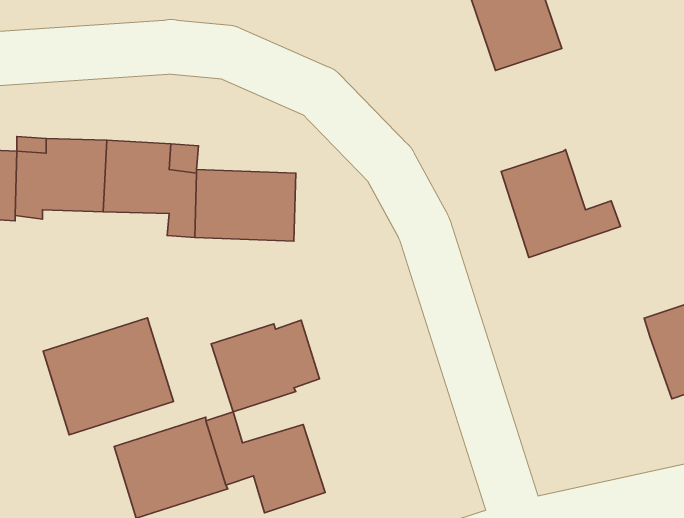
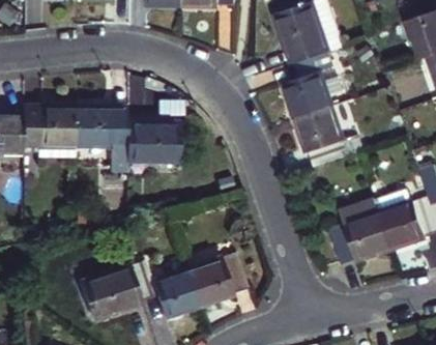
building: none -> [284,57,337,126]
building: none -> [332,207,394,270]
building: [43,318,173,435] -> none
building: [211,320,320,412] -> [185,256,246,308]

